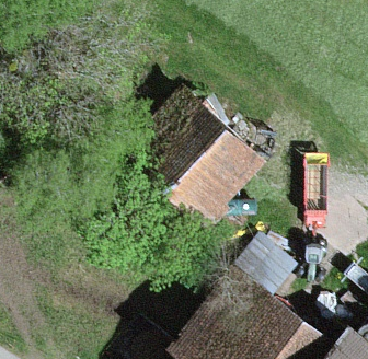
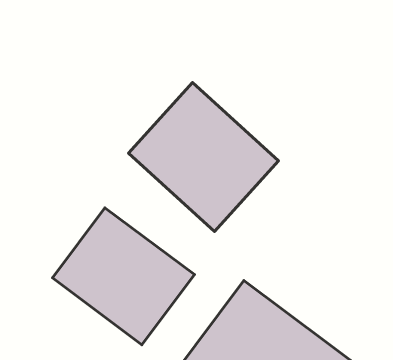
building: none -> [53,208,194,345]

